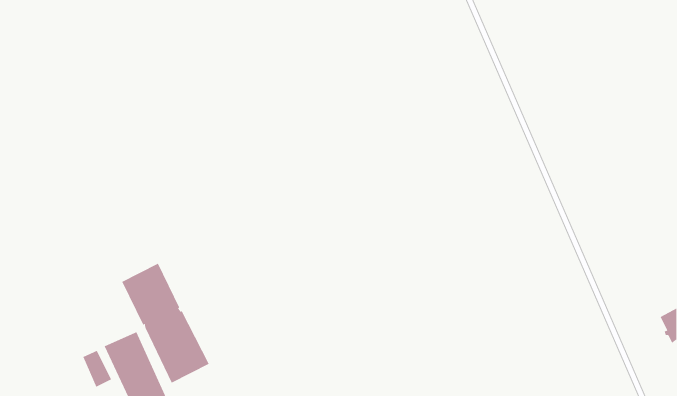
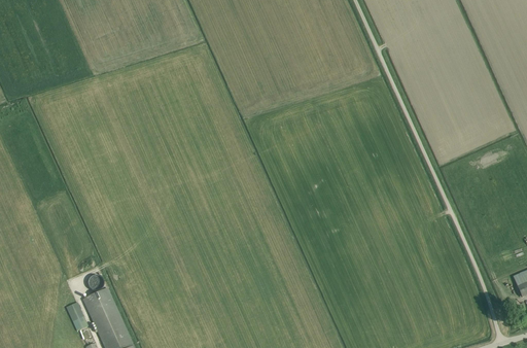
building: [121,263,209,384] -> none

